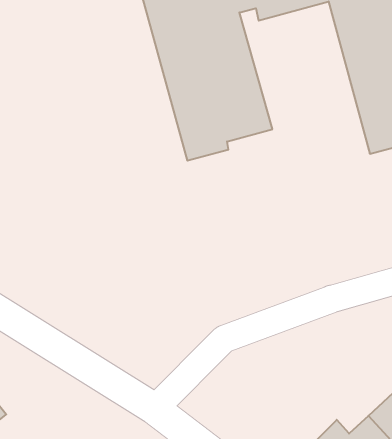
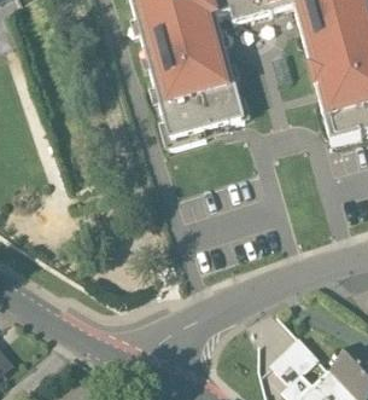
building: none -> [271,340,319,385]

